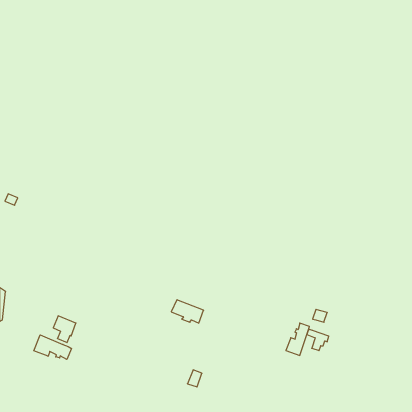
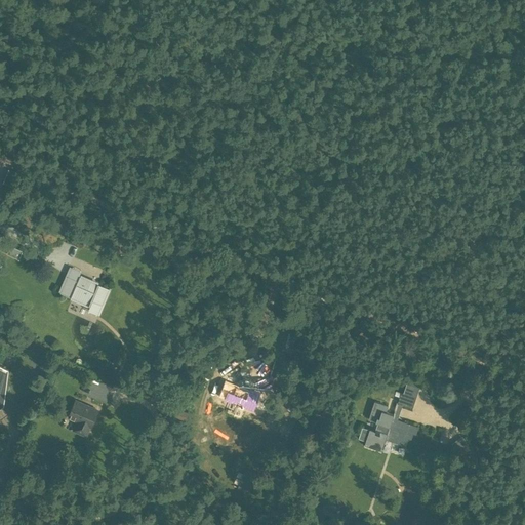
building: none -> [56,268,111,309]
building: [34,335,71,359] -> none

